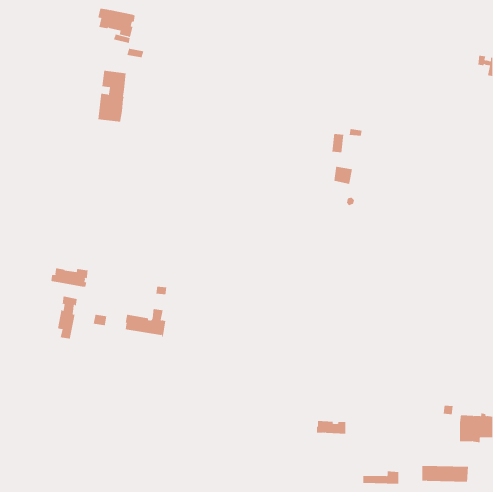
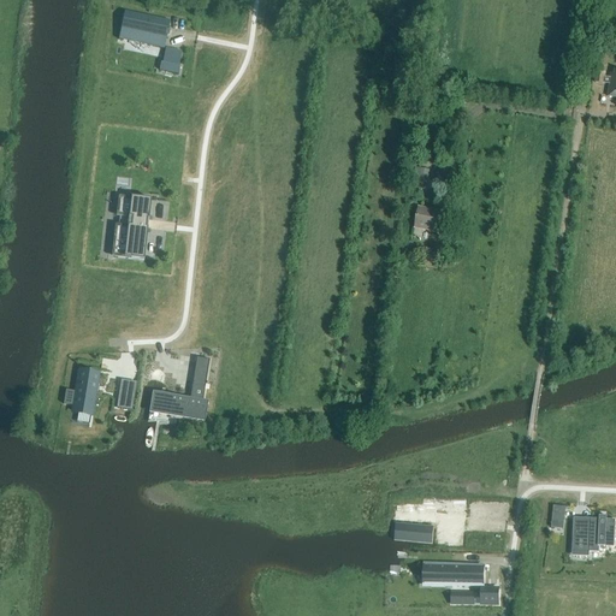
building: [98,70,127,122] -> [113,194,149,259]
building: [50,267,88,287] -> none
building: [422,466,469,482] -> [424,563,482,584]

